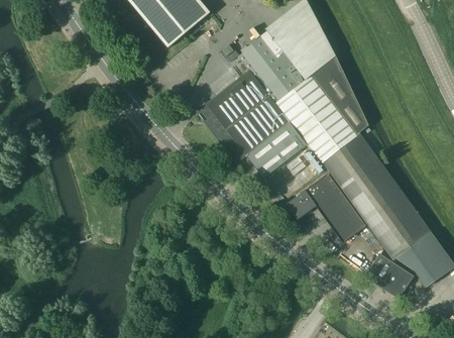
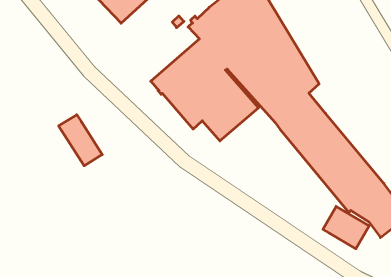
building: none -> [59,115,102,166]
building: [287,173,366,241] -> none

